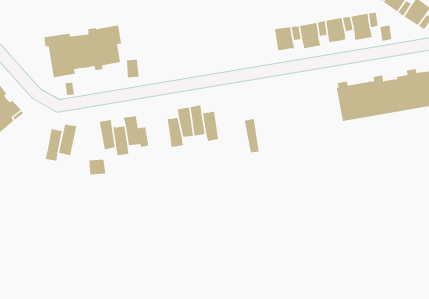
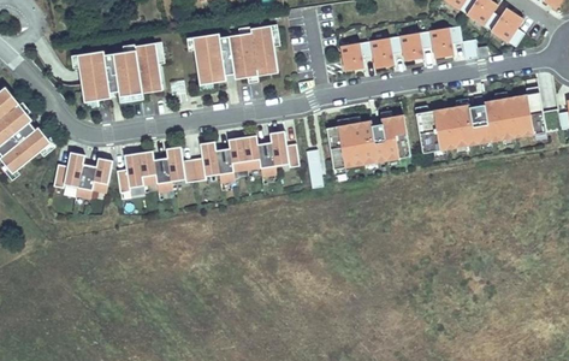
building: none -> [192,25,278,85]
building: none -> [324,114,407,170]
building: none -> [271,130,301,166]
building: none -> [192,141,220,180]
building: none -> [53,150,84,188]
building: none -> [117,153,144,193]

